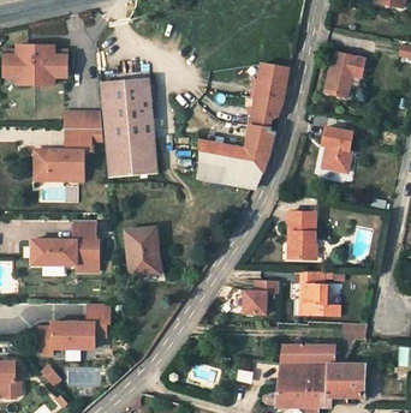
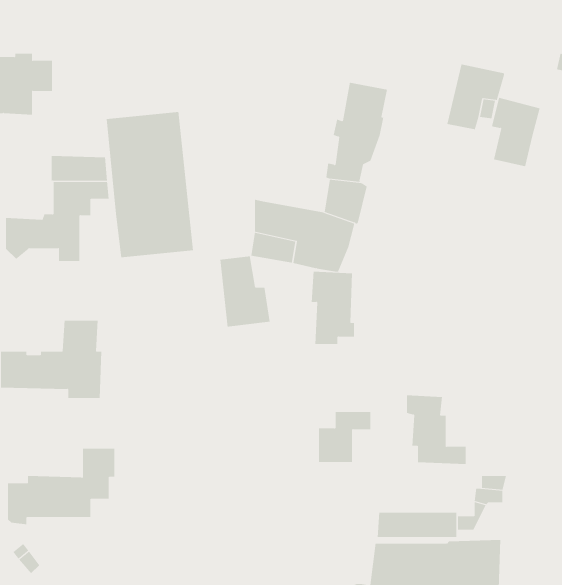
building: [320,125,352,170] -> [491,97,541,167]
building: [287,210,316,258] -> [311,271,355,344]
building: [126,229,160,276] -> [219,256,271,327]

